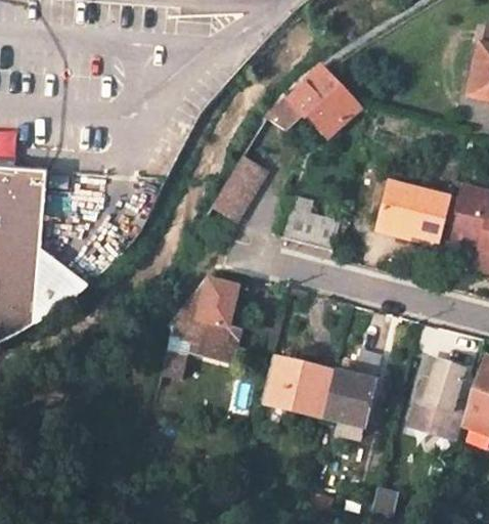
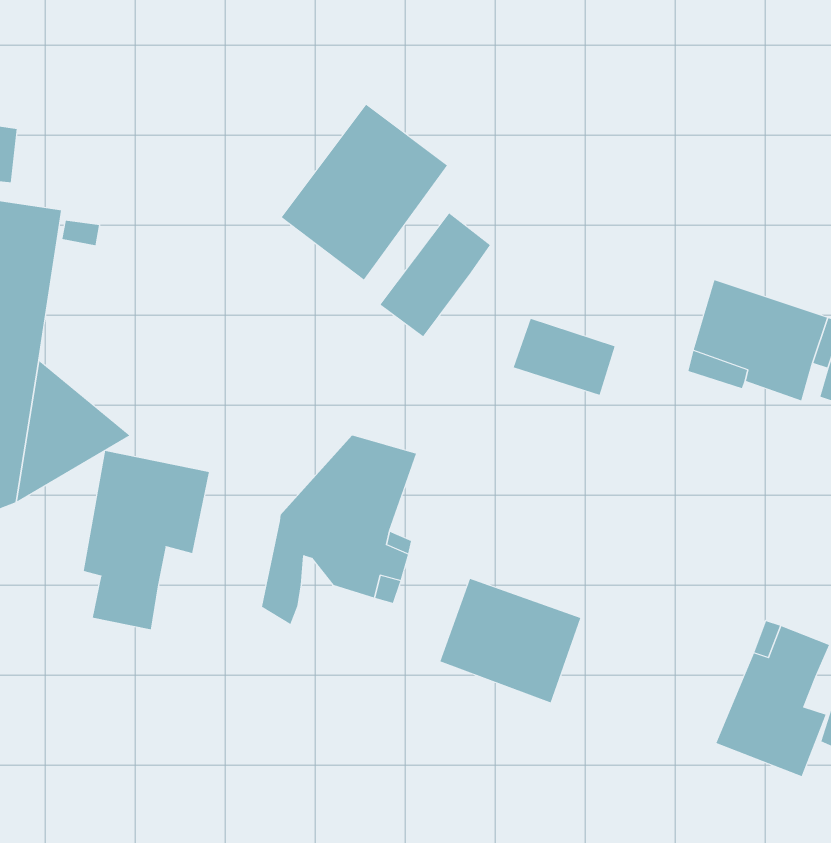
building: [274,70,362,139] -> none
building: none -> [281,104,448,281]
building: none -> [83,450,209,630]
building: [320,346,382,435] -> none

